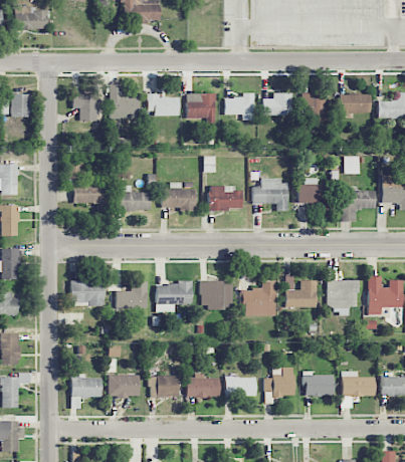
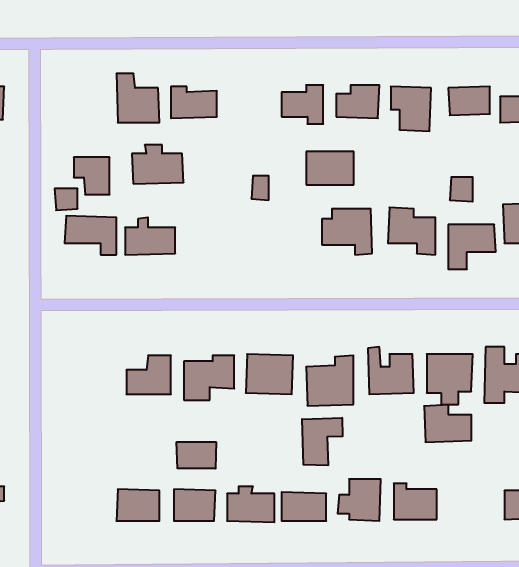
building: [187,93,216,119] -> none
building: [72,94,97,121] -> [74,157,110,195]
building: [161,182,197,209] -> [132,145,184,184]
building: [209,187,242,210] -> [306,152,354,185]
building: [72,280,106,306] -> none
building: none -> [302,418,343,465]
building: none -> [177,442,216,469]
building: [342,371,375,397] -> [424,405,471,442]
building: [71,376,102,408] -> none

